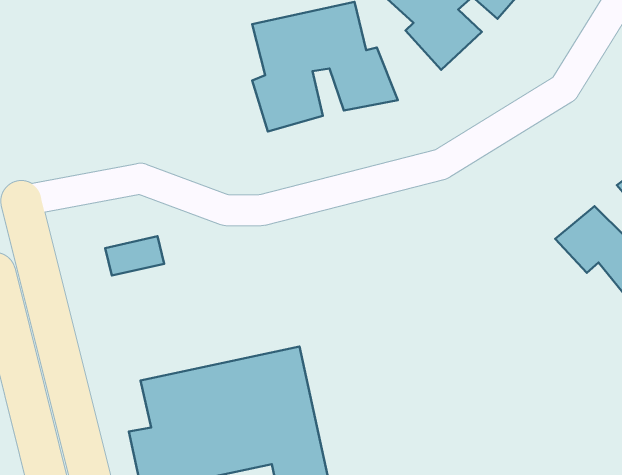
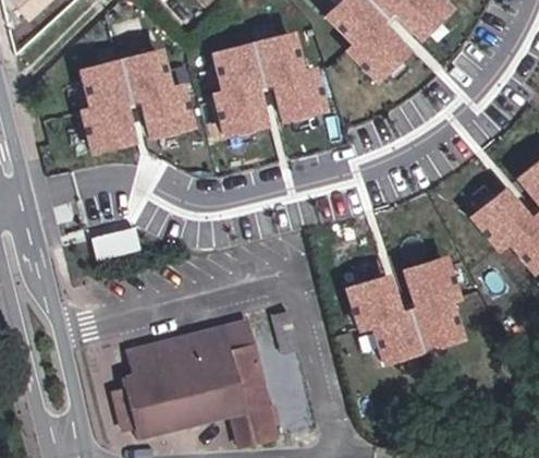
building: none -> [79,47,198,150]
building: none -> [341,264,450,370]

